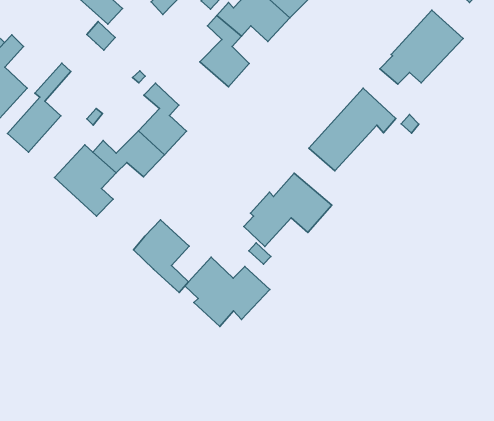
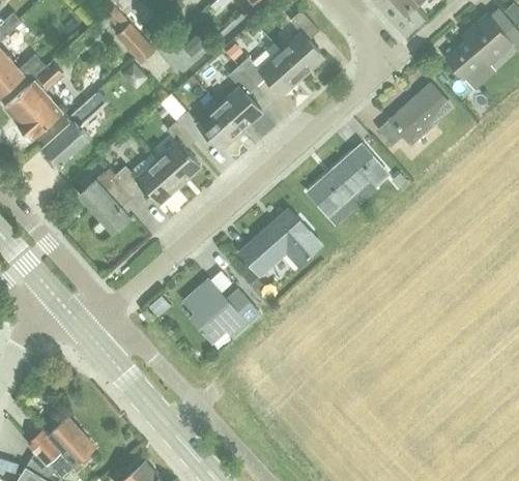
building: none -> [177,106,241,149]
building: [134,220,189,292] -> none

